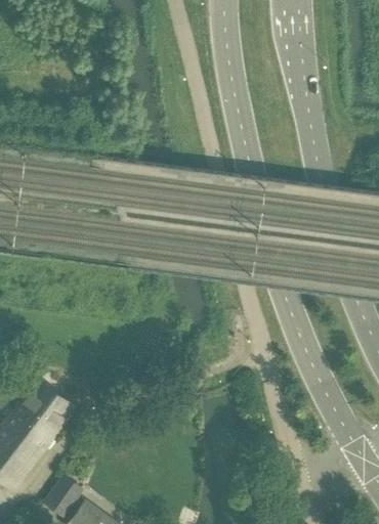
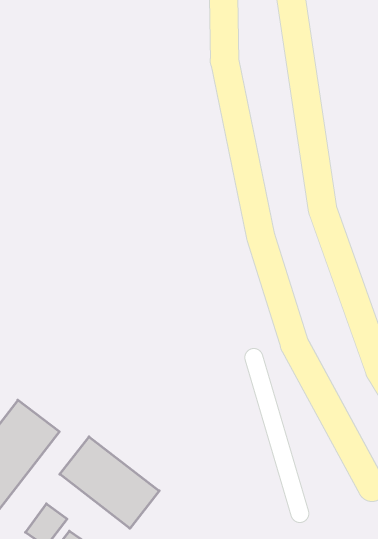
building: none -> [60,437,159,528]

